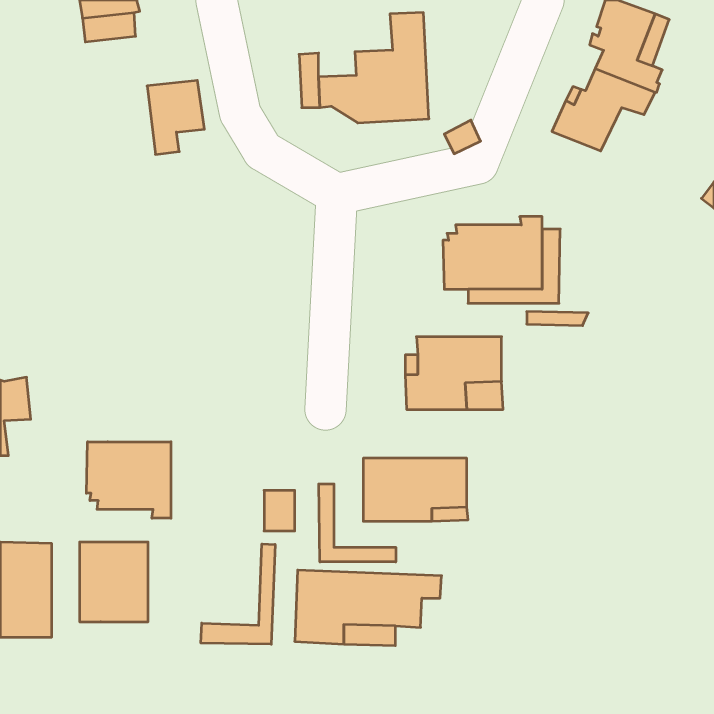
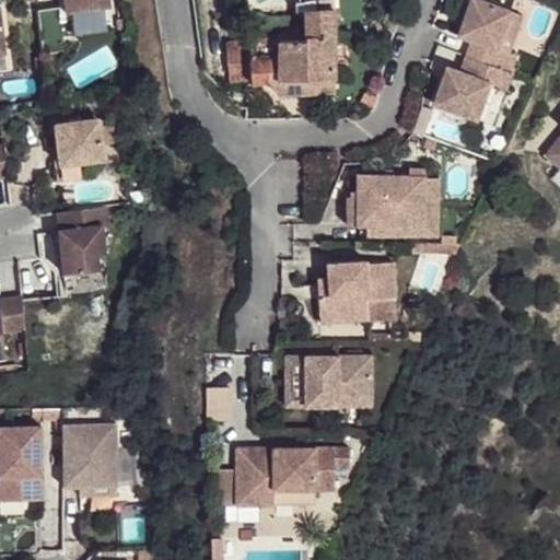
building: [147,80,204,154] -> [56,119,101,177]
building: none -> [56,206,106,272]
building: [86,442,171,518] -> none
building: [319,484,396,562] -> none
building: [201,544,275,644] -> none

